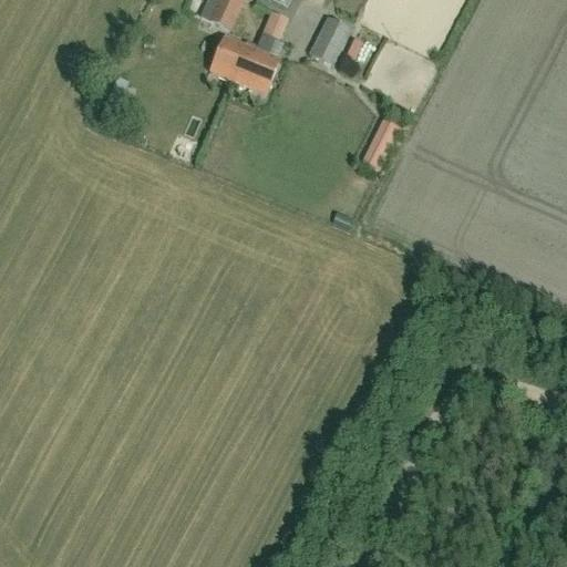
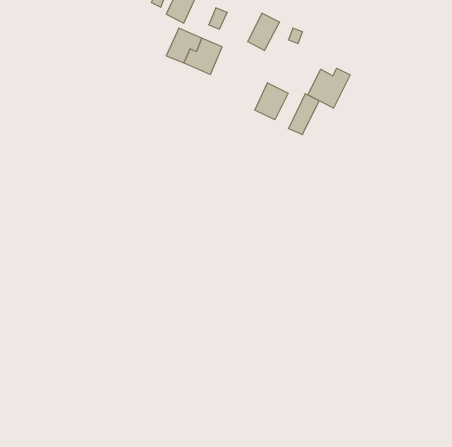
building: none -> [308,68,350,108]
building: none -> [255,83,288,120]

